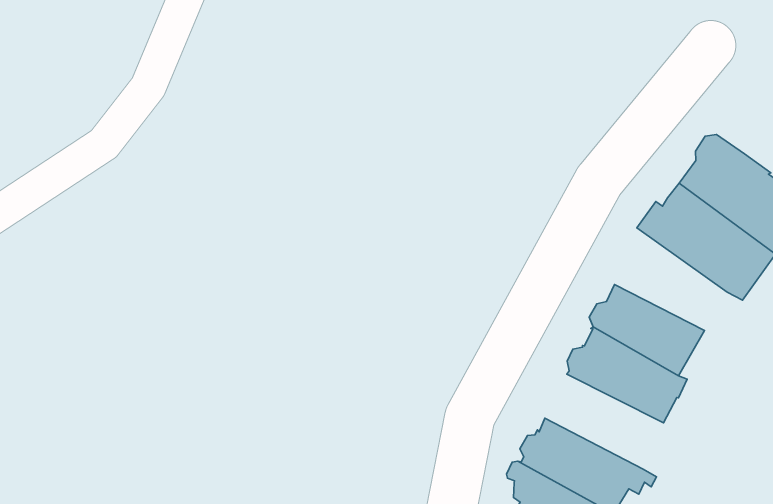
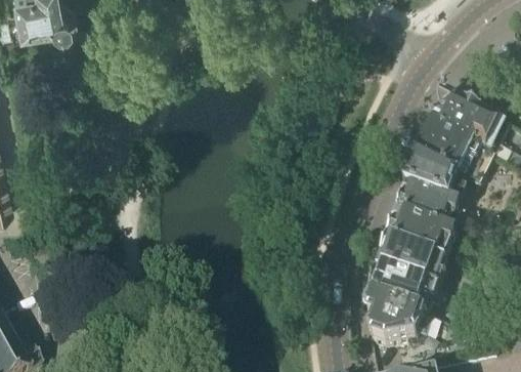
building: none -> [399,152,466,203]
building: none -> [376,240,442,286]

